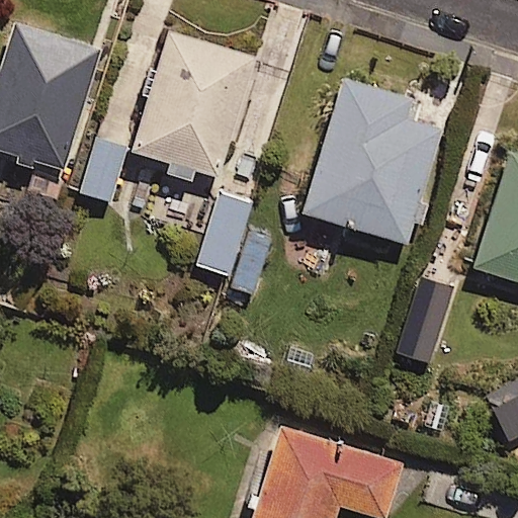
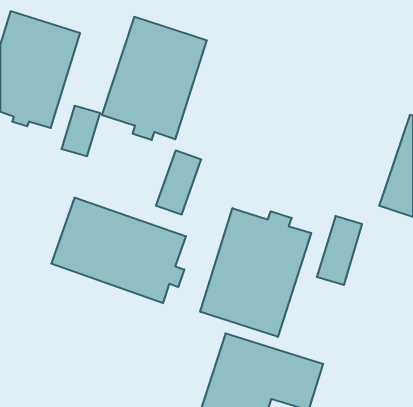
building: [305,78,442,244] -> none
building: none -> [51,198,186,303]
building: none -> [200,208,311,337]

